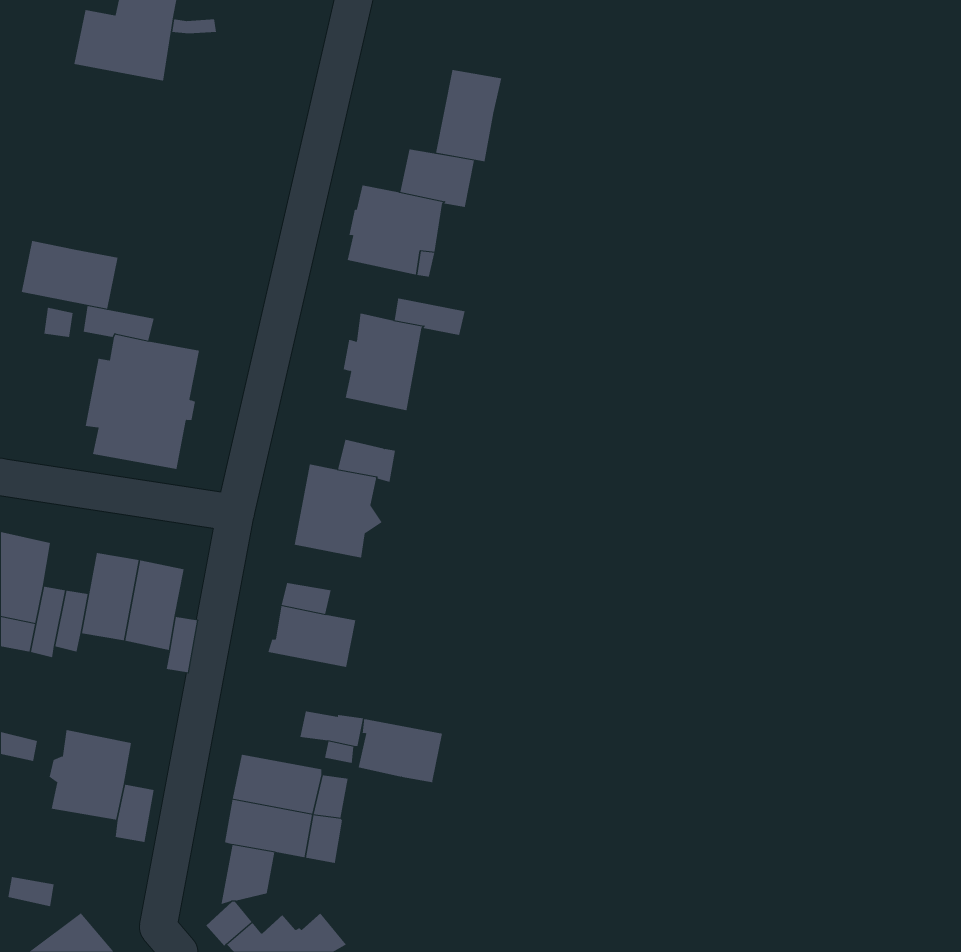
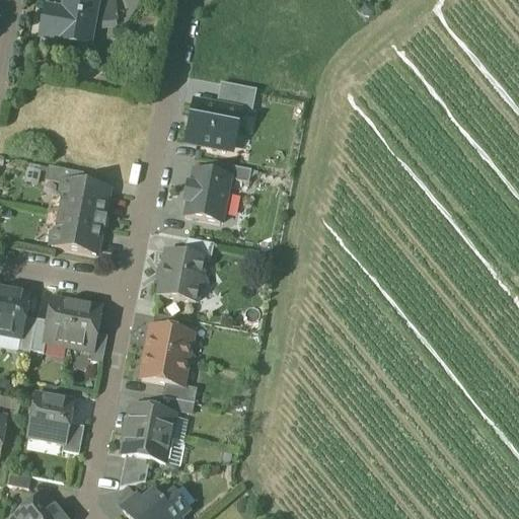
building: [436,69,502,162] -> none
building: [21,240,118,309] -> none
building: [358,719,443,783] -> [142,351,188,385]

